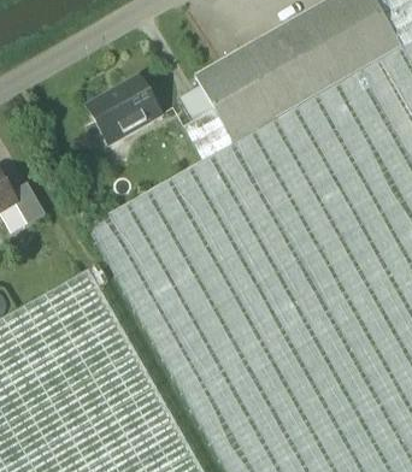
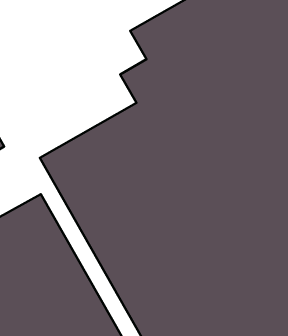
building: [86,76,160,144] -> none

